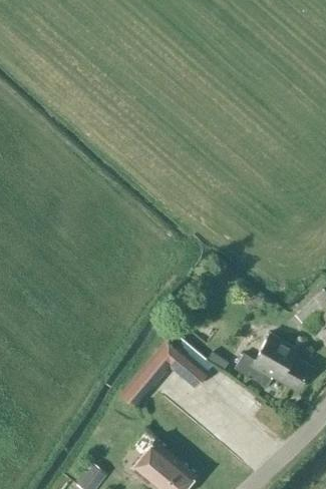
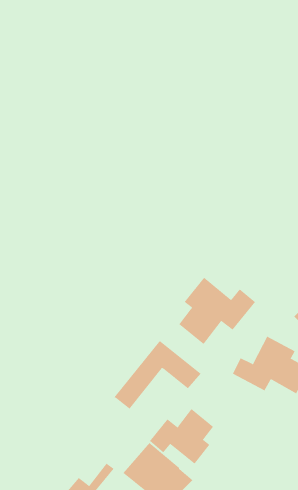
building: none -> [178,277,256,345]
building: none -> [149,408,214,464]

